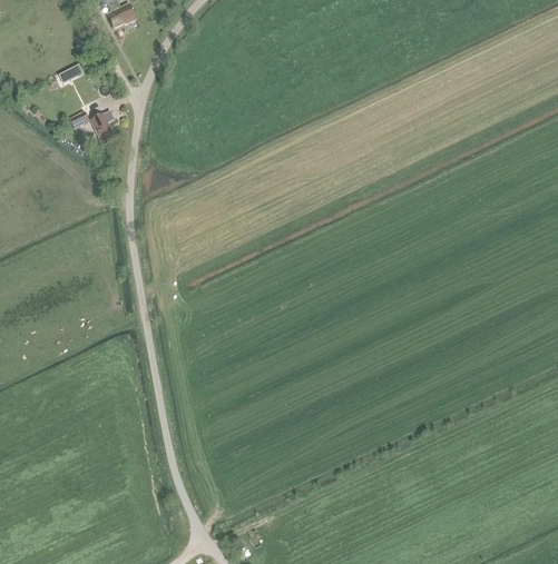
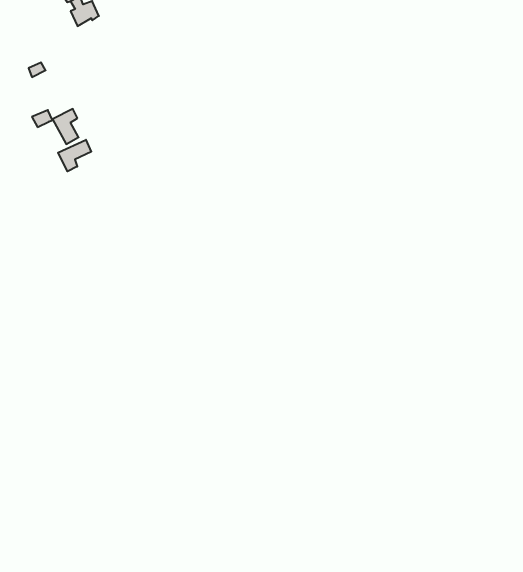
building: none -> [58,140,91,171]

